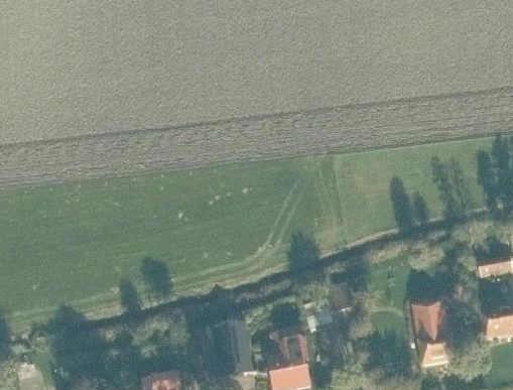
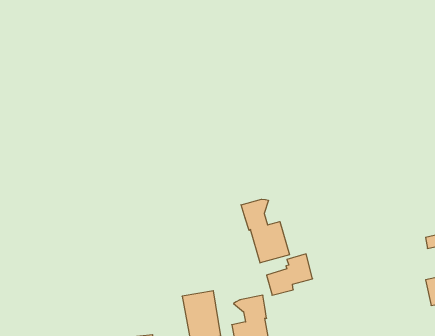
building: none -> [241,199,289,263]
building: [411,299,454,363] -> none

